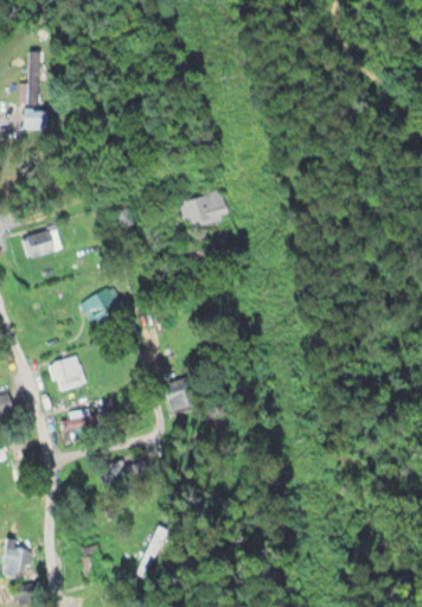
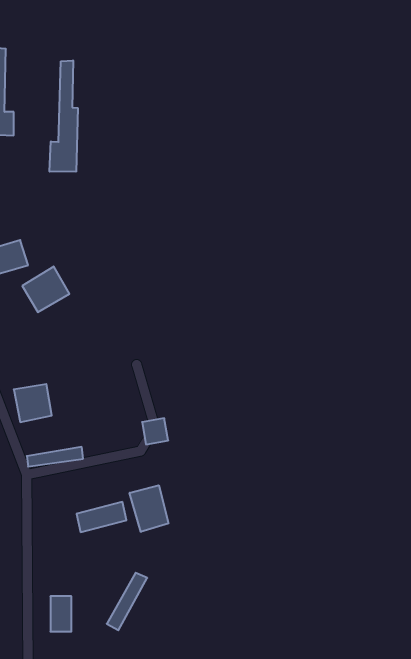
building: none -> [50,60,78,172]
building: [179,191,228,224] -> none
building: [78,286,121,327] -> [22,266,69,312]
building: none -> [130,485,168,532]

